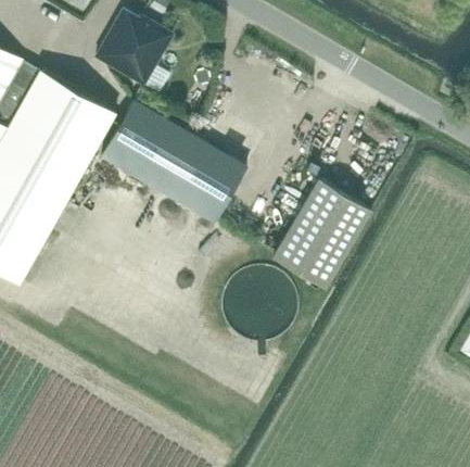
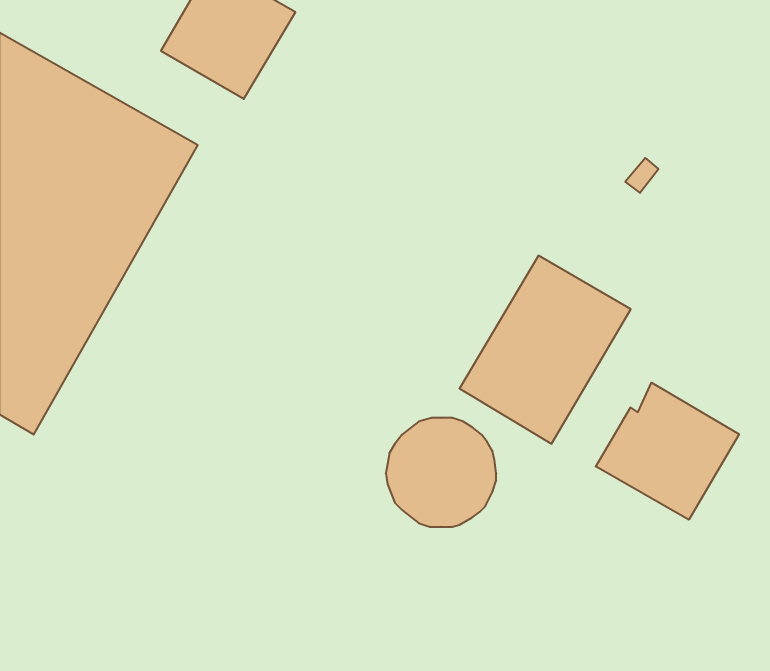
building: [100,100,247,224] -> none
building: none -> [596,383,739,520]

